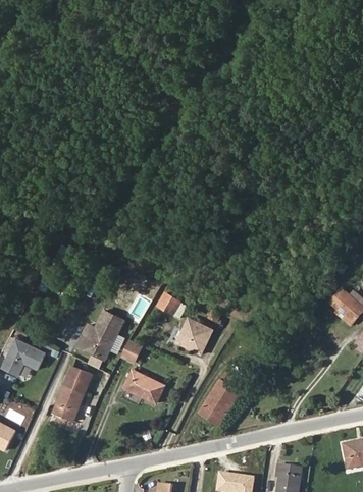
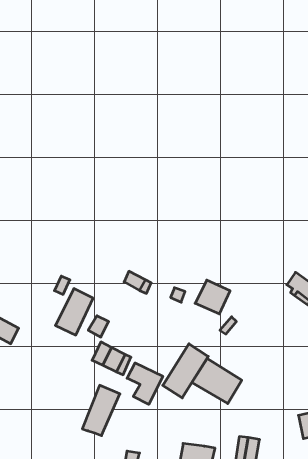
building: [175,318,212,353] -> [195,280,230,314]
building: [49,367,89,420] -> [82,385,120,436]
building: none -> [192,358,242,404]
building: none -> [127,363,163,404]

